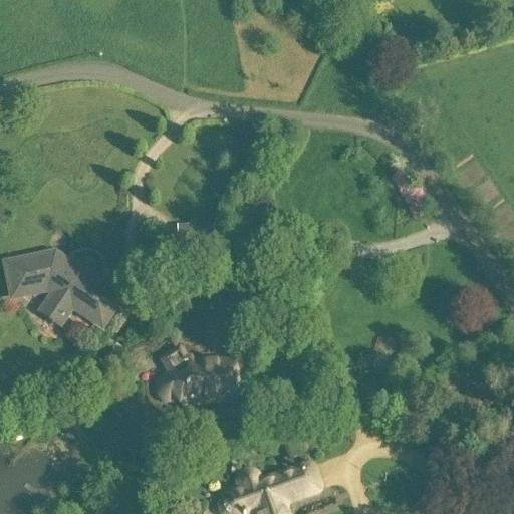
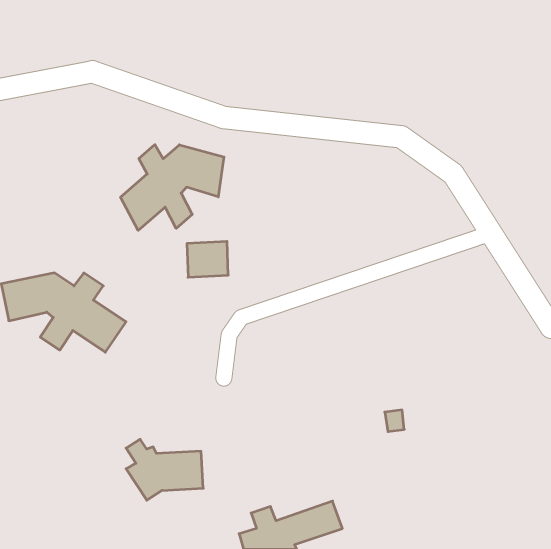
building: none -> [121,145,224,230]
building: [161,350,232,407] -> [126,439,203,500]

